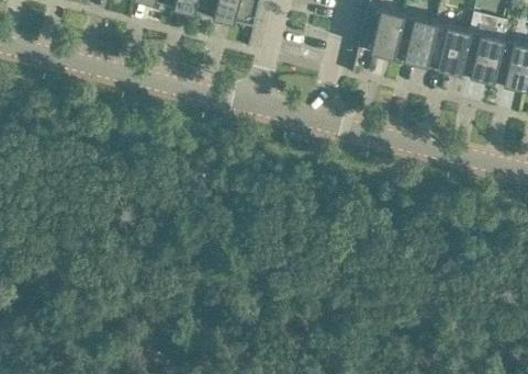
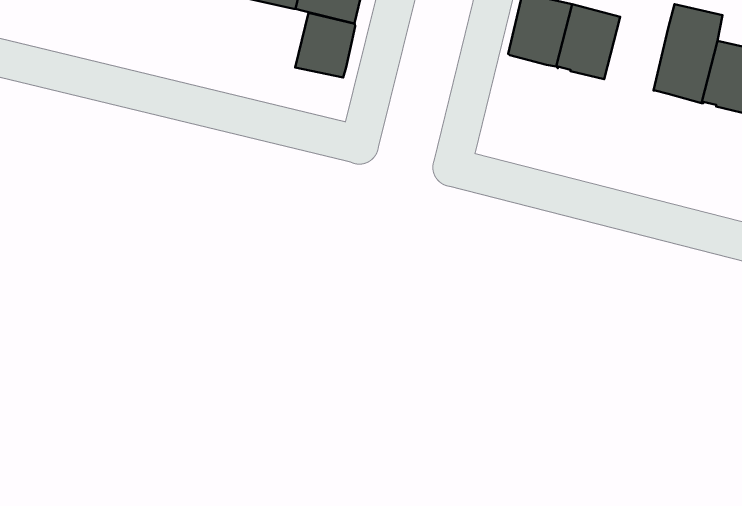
building: none -> [295,13,355,78]
building: [426,23,470,73] -> none

